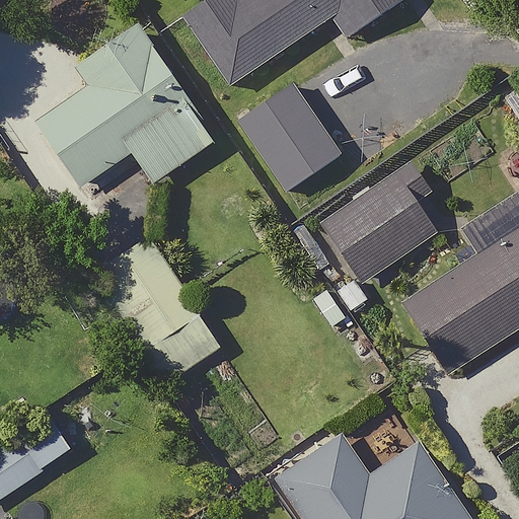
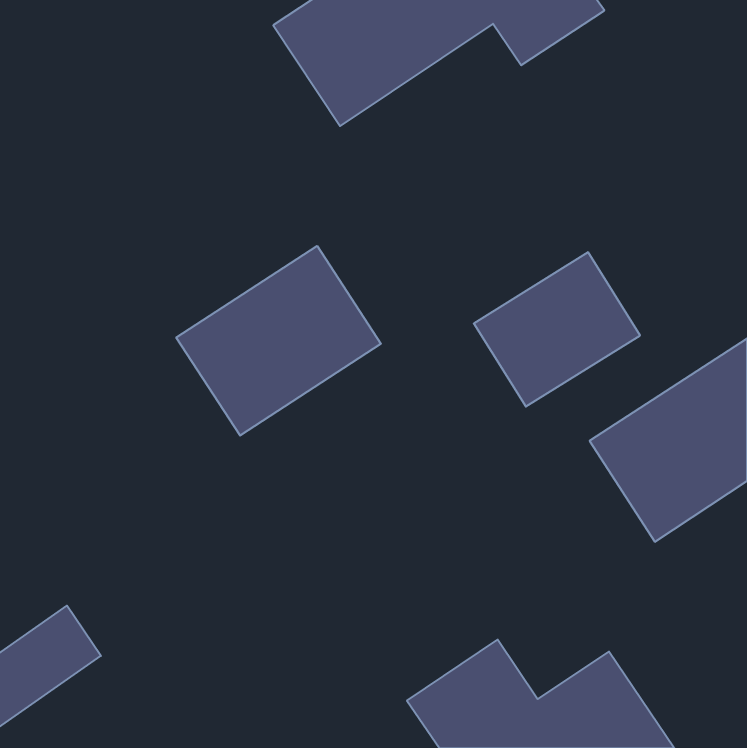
building: [35,25,216,188] -> none
building: [240,87,346,201] -> none
building: none -> [176,246,381,436]

